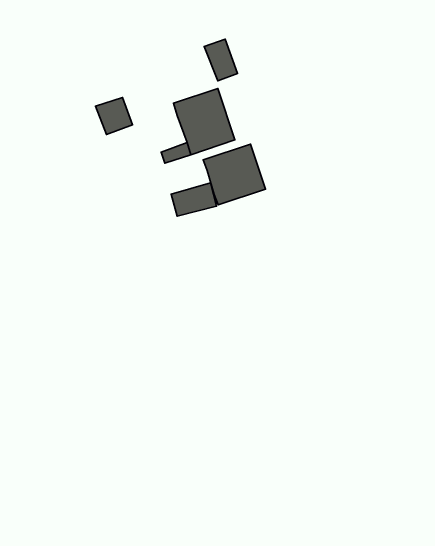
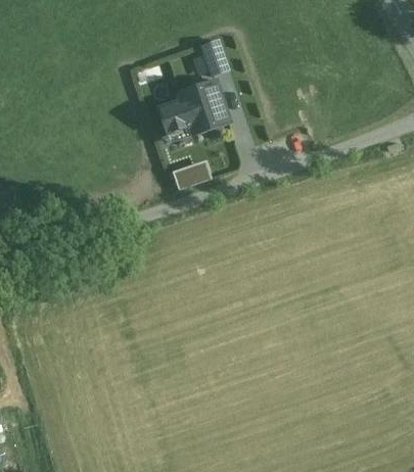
building: [96,98,132,134] -> [158,100,189,131]
building: [203,144,266,205] -> none

